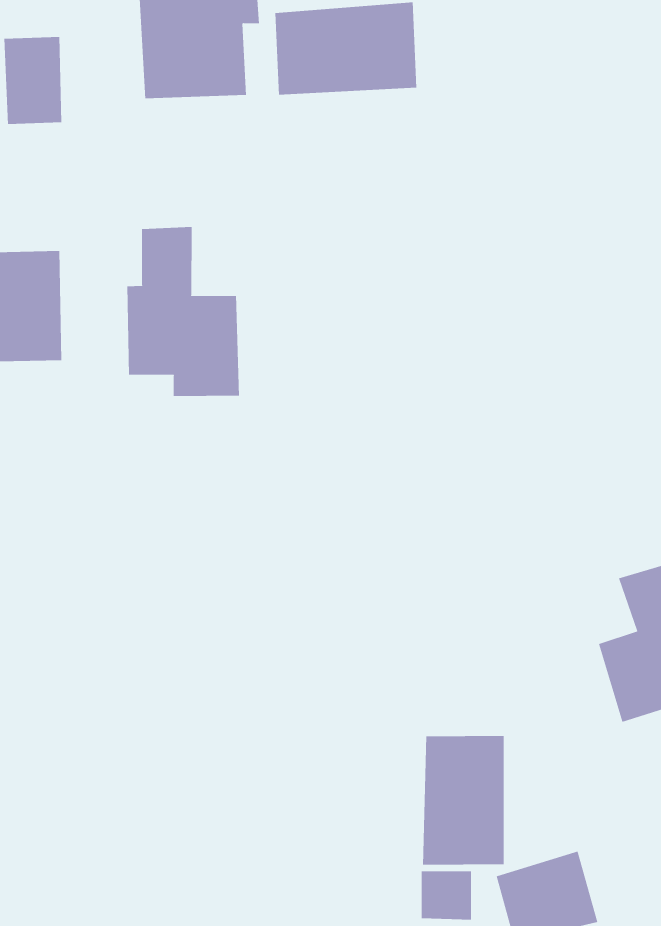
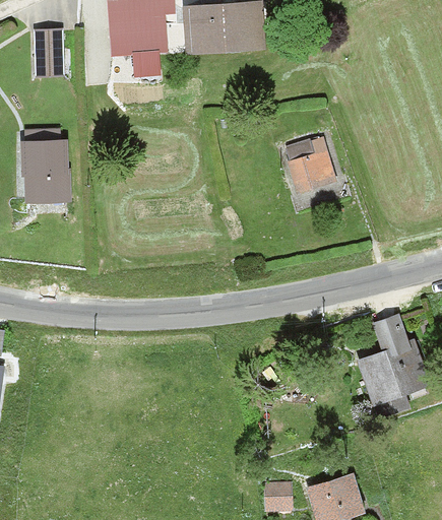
building: [127,226,239,397] -> none
building: none -> [285,138,333,189]
building: [422,735,504,866] -> none

